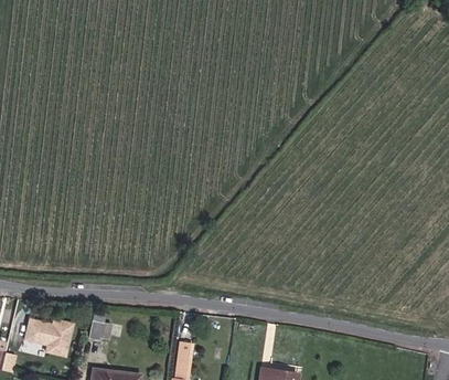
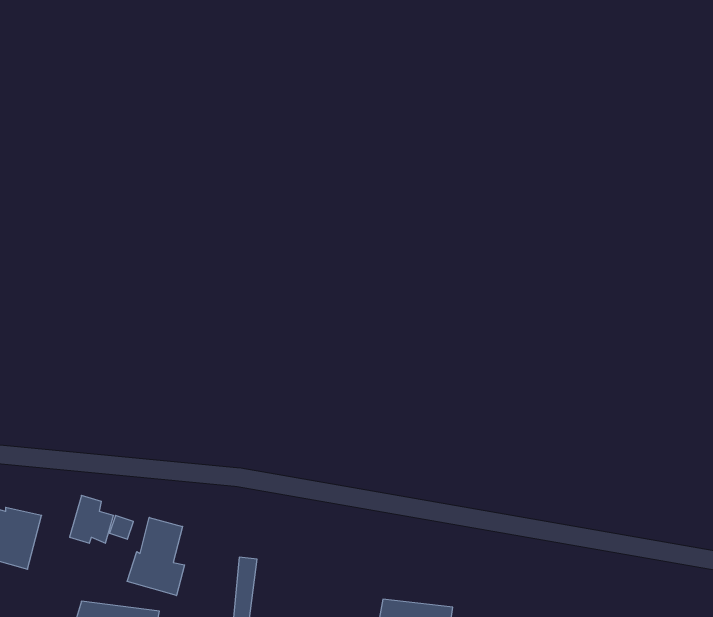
building: none -> [127,517,185,596]

